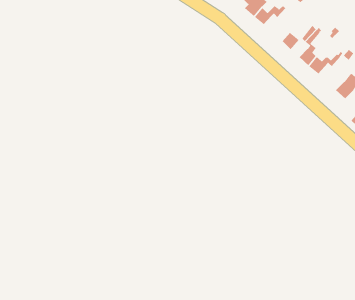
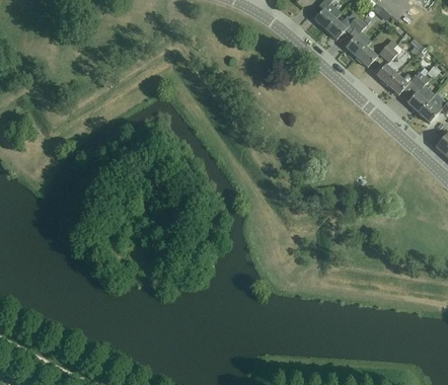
building: none -> [345,19,370,57]
building: none -> [405,75,434,112]

